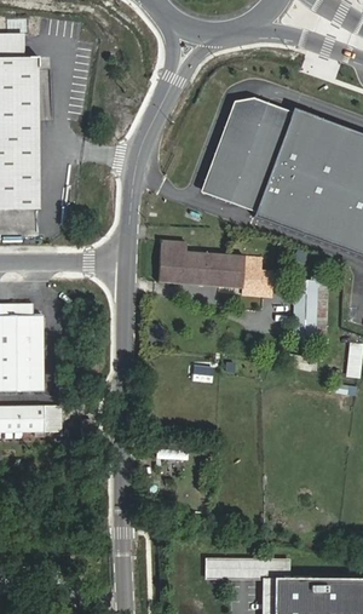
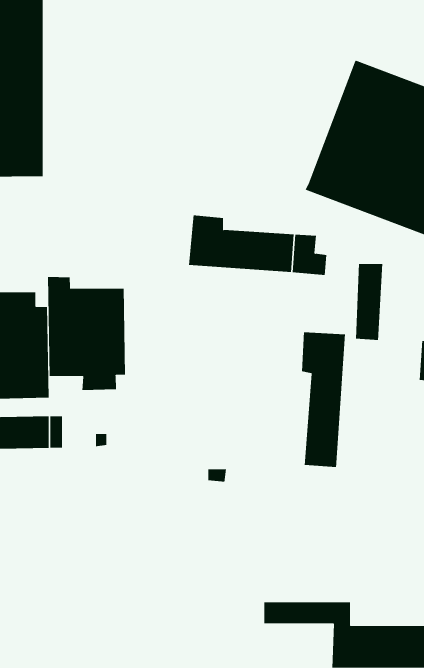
building: [203,108,293,214] -> none
building: none -> [47,276,126,391]
building: none -> [301,332,346,468]

